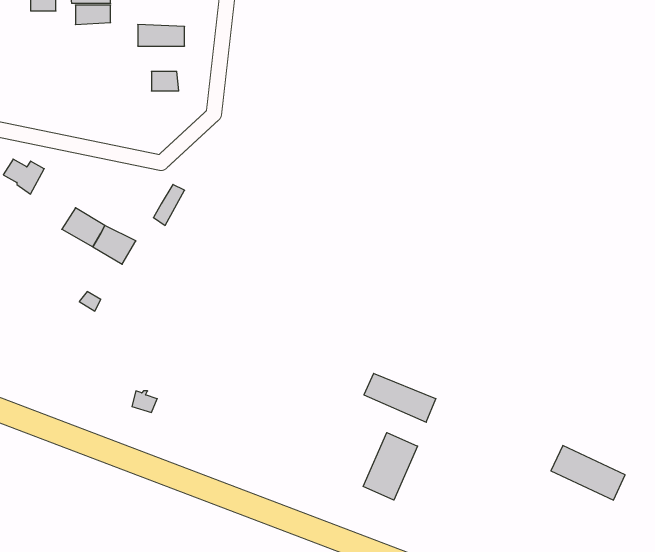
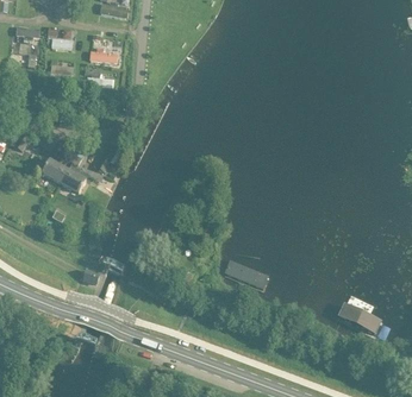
building: [363,433,418,500] -> none

